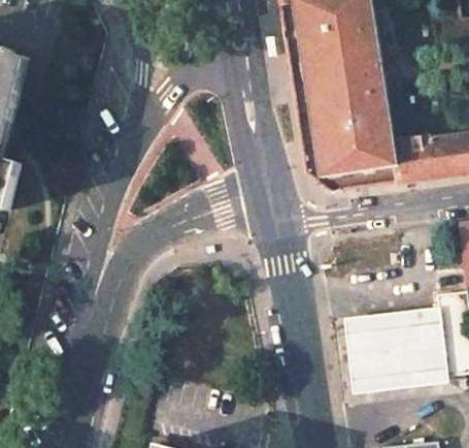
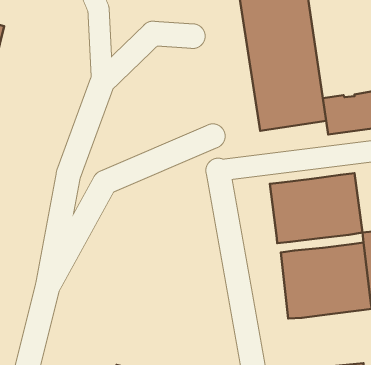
building: none -> [270,173,363,243]

